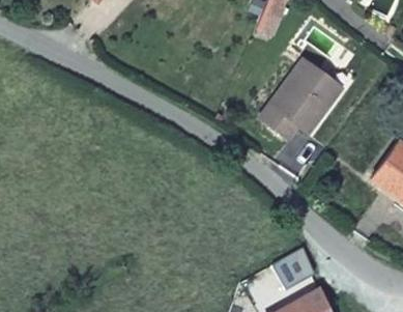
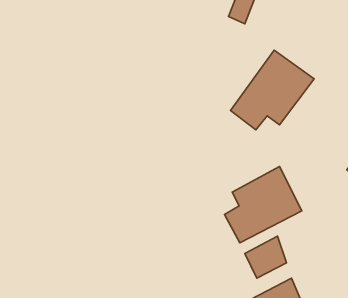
building: none -> [224,167,302,243]

